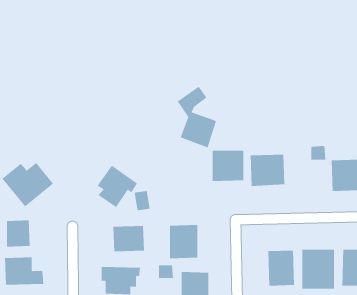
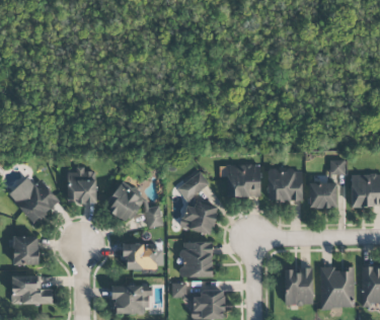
building: [177,86,217,148] -> [177,172,219,237]
building: none -> [67,169,96,204]
building: none -> [309,182,337,209]

